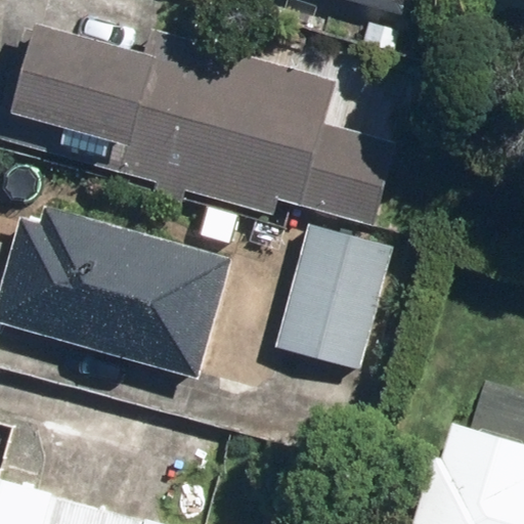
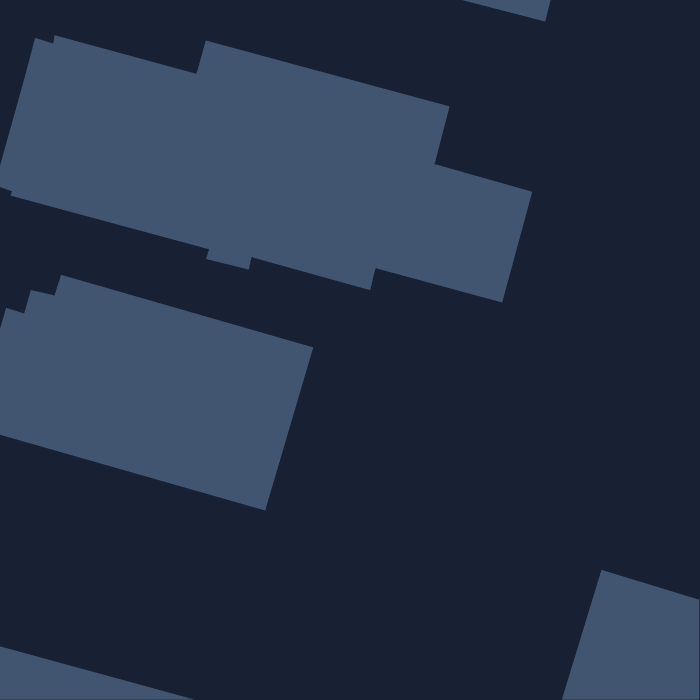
building: [276,225,395,369] -> none

